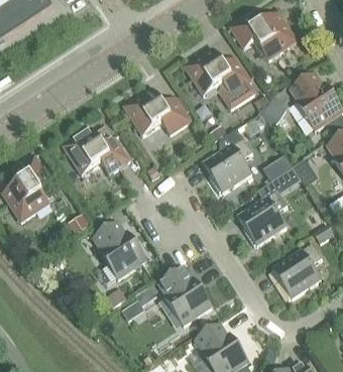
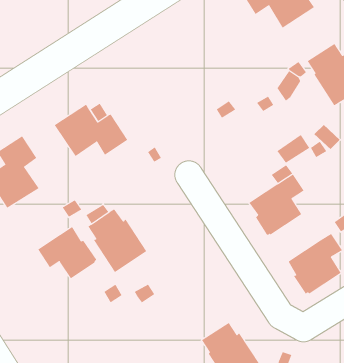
building: [185,47,254,108] -> none
building: [123,88,190,134] -> none
building: [203,128,252,193] -> none
building: none -> [38,226,97,279]
building: [158,267,212,325] -> none

